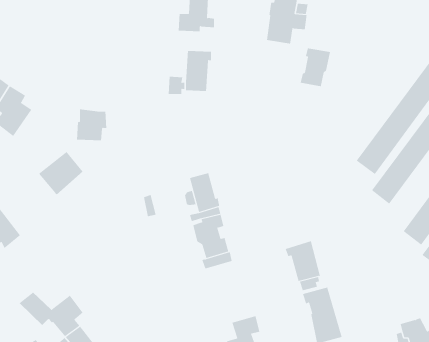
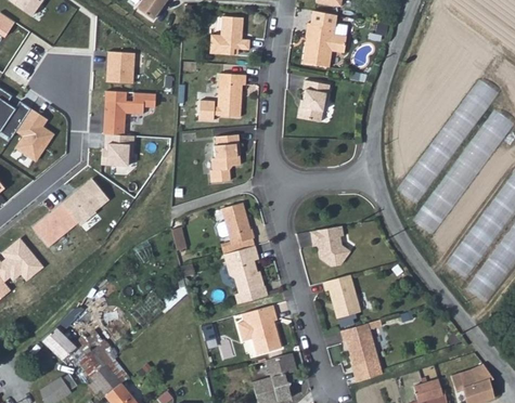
building: none -> [106,51,136,83]
building: [300,48,331,87] -> [297,79,330,120]
building: none -> [103,91,156,136]
building: none -> [211,133,241,170]
building: none -> [31,203,79,248]
building: none -> [310,225,350,265]
building: none -> [237,304,281,353]

